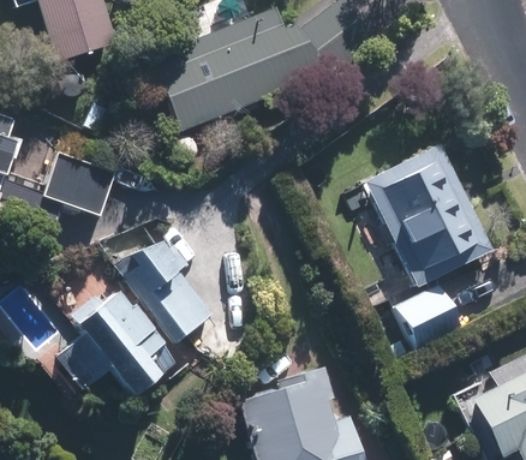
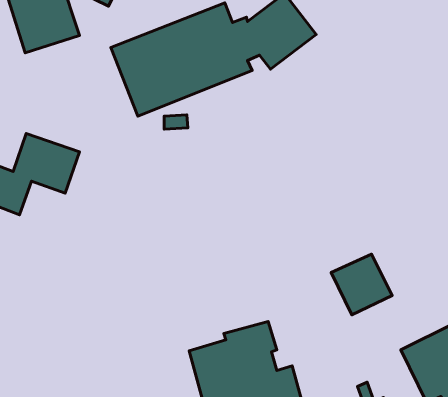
building: [364,144,492,287] -> none
building: [112,243,214,337] -> none
building: [41,289,175,400] -> none

